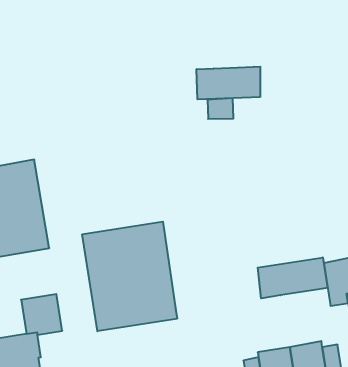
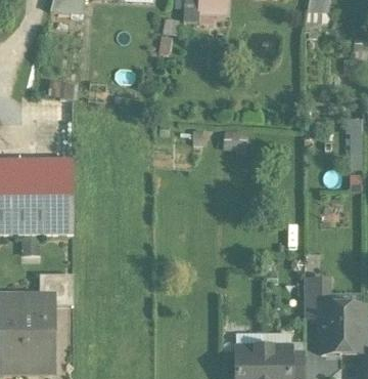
building: [197,67,260,99] -> none
building: [82,222,177,331] -> none
building: [258,257,328,298] -> none

